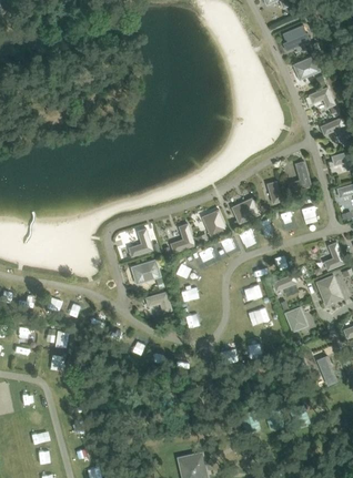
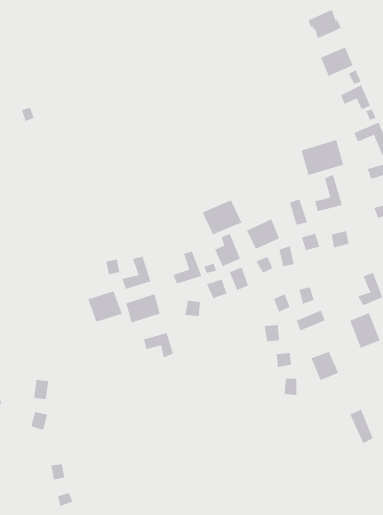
building: none -> [301,139,344,176]
building: none -> [202,199,242,235]
building: none -> [88,290,122,322]

